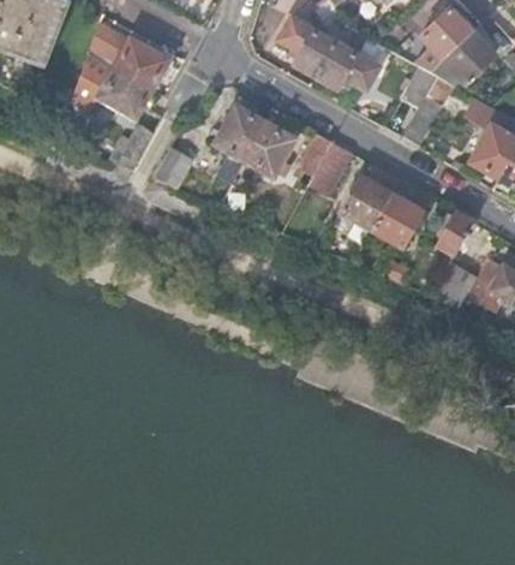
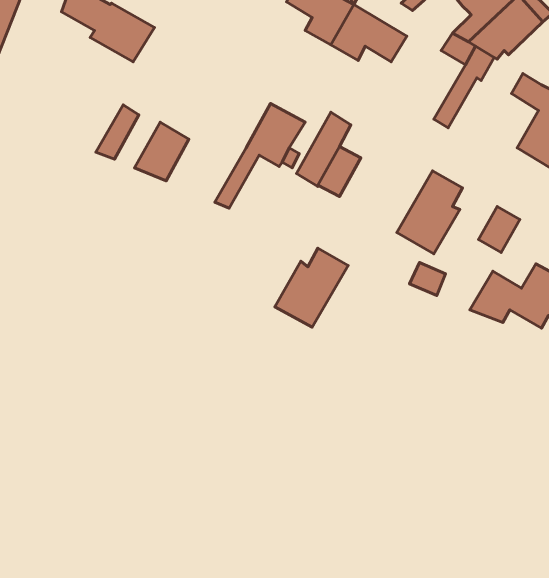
building: [72,64,150,117] -> none
building: [216,106,265,160] -> none
building: [340,165,401,231] -> [275,248,348,327]

